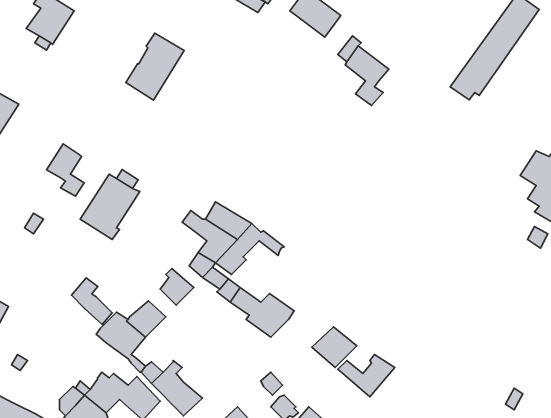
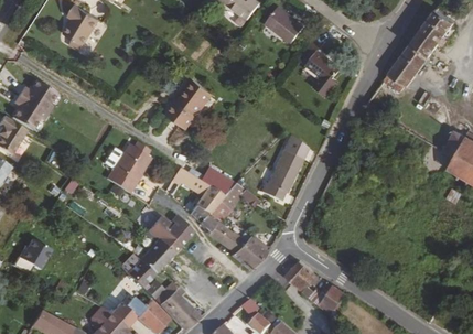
building: [126,33,184,100] -> [163,76,207,127]
building: [46,144,84,196] -> none
building: none -> [261,134,310,198]
building: [72,278,112,324] -> [147,218,178,254]

